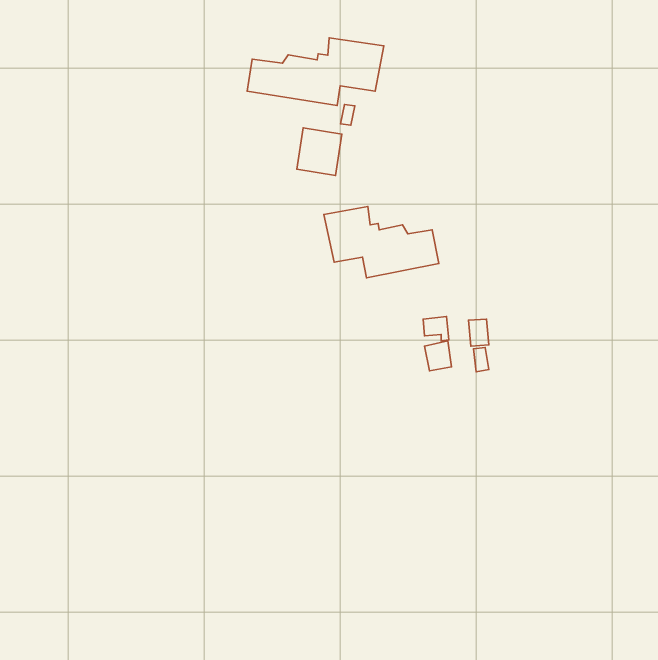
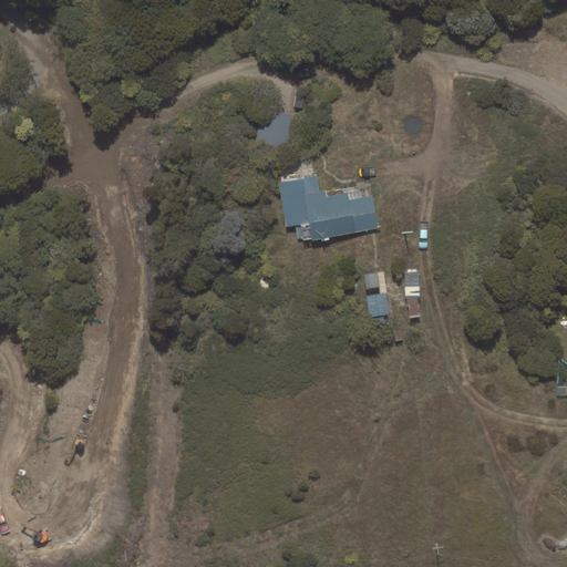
building: [247,38,384,106] -> none

